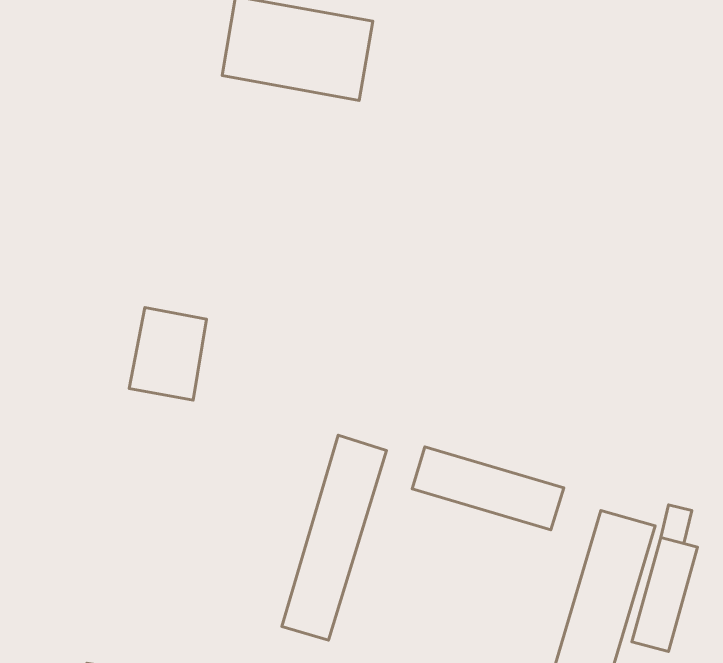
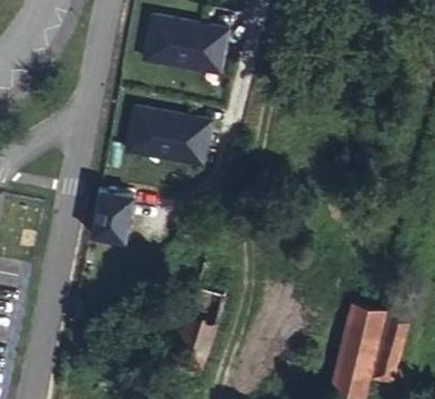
building: none -> [125,105,210,164]
building: [412,447,564,530] -> none

